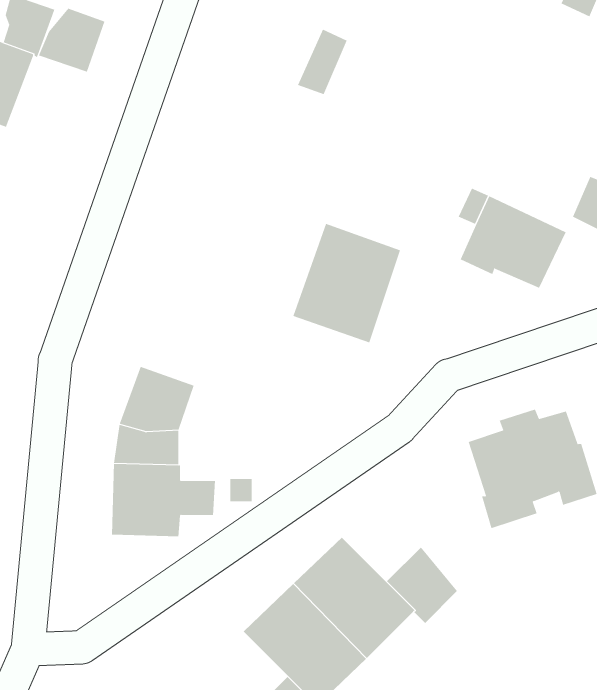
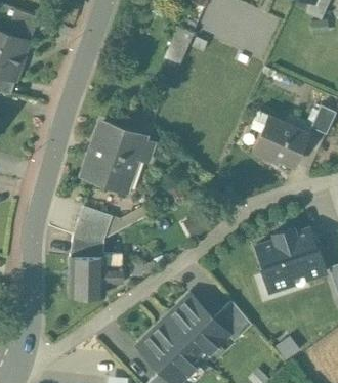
building: [38,8,105,72] -> none
building: [292,223,401,343] -> [84,124,141,187]

